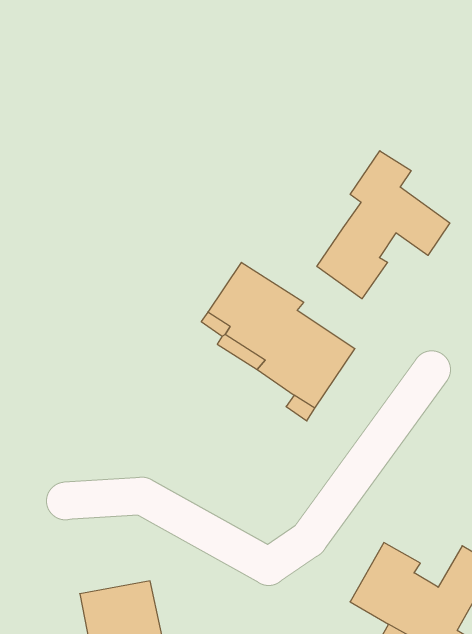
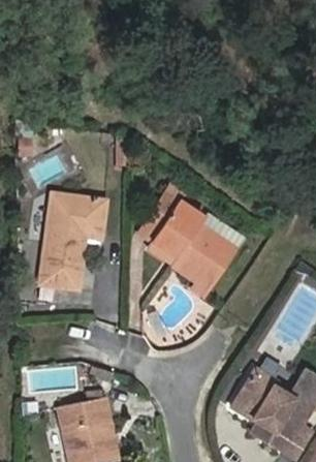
building: [317,151,450,299] -> none
building: none -> [38,191,103,286]

